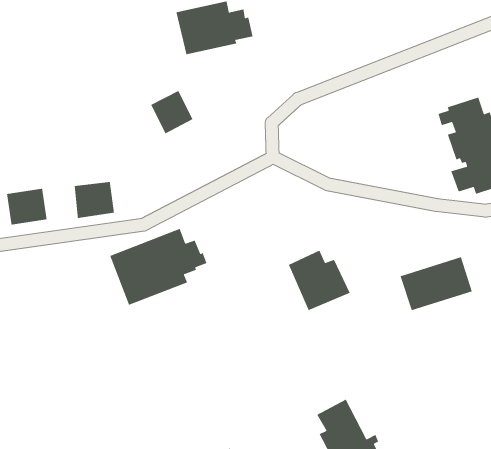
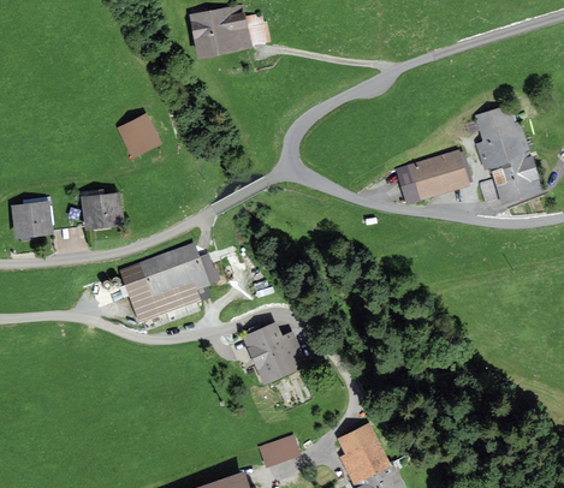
building: [150,90,194,134] -> [115,112,161,159]
building: [288,250,351,311] -> [242,321,308,386]
building: [400,256,473,311] -> [393,148,470,206]
building: none -> [257,433,301,469]

